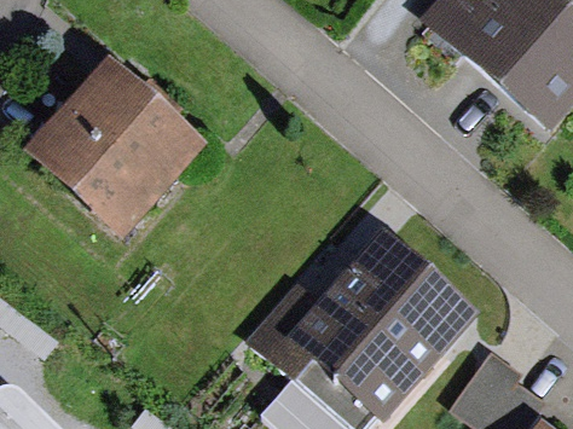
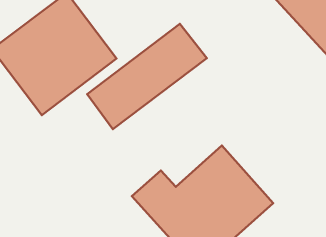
building: none -> [87,24,207,129]

